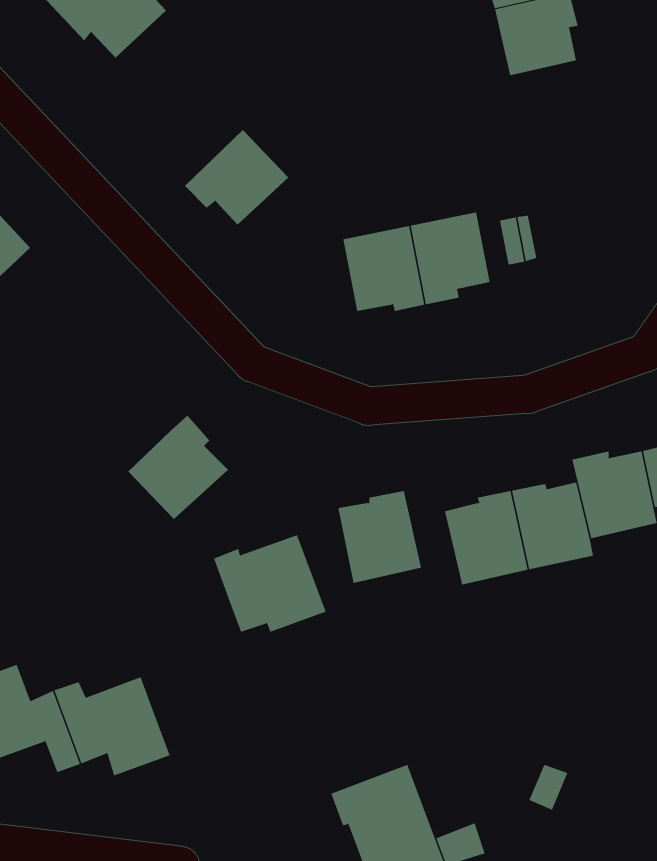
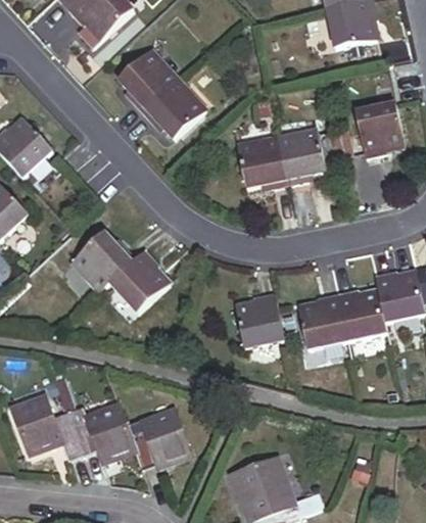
building: none -> [120,48,178,112]
building: none -> [354,101,405,156]
building: none -> [72,231,135,291]
building: [213,534,327,632] -> [125,409,192,467]

